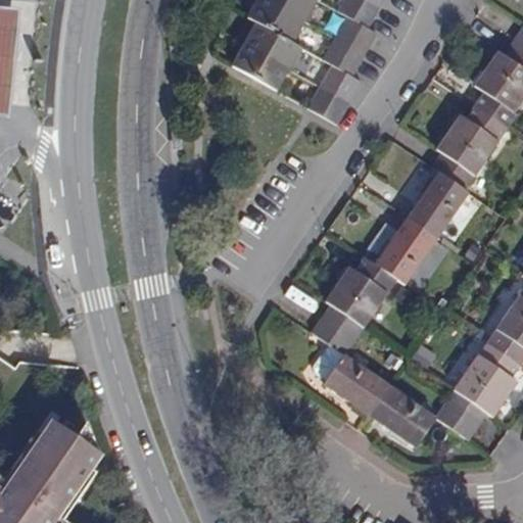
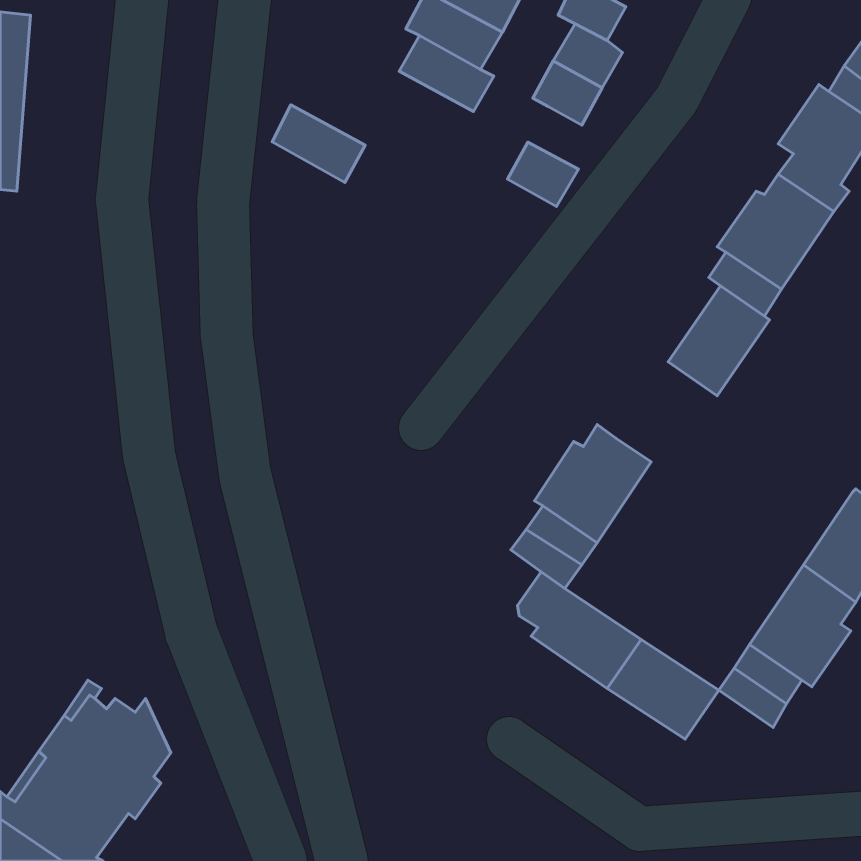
building: [232,43,288,90] -> [272,105,365,182]
building: [321,64,364,102] -> none
building: [374,219,435,284] -> none

